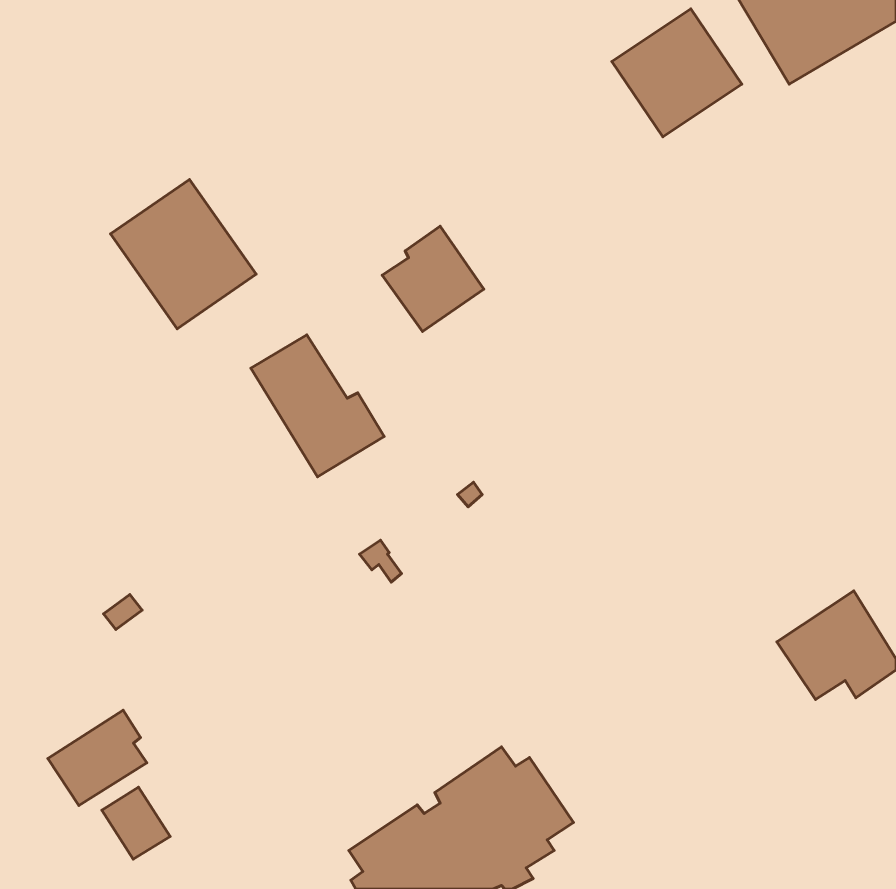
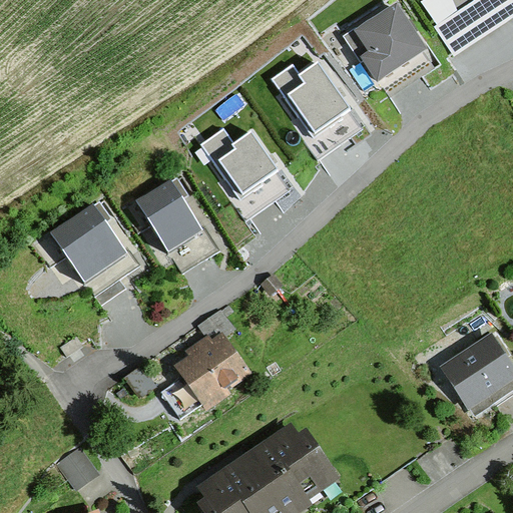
building: none -> [290,60,349,128]
building: [111,180,256,329] -> [47,200,130,286]
building: none -> [177,336,242,404]
building: [48,710,147,806] -> none

